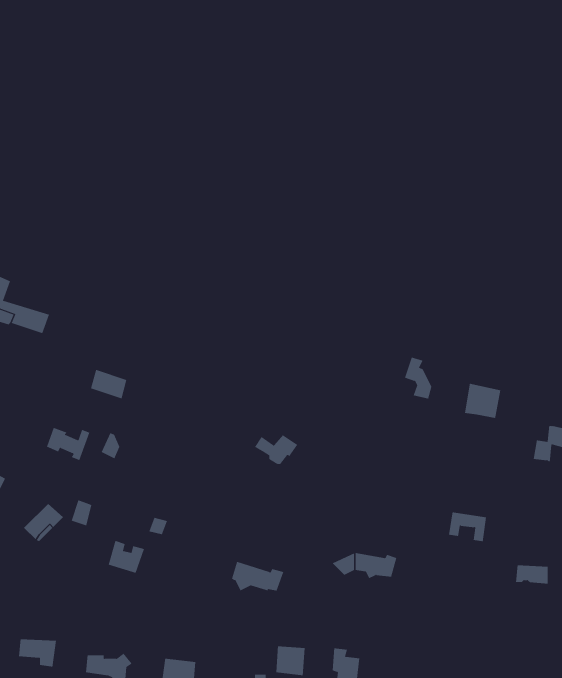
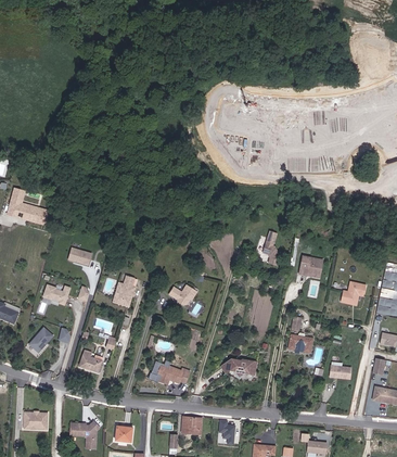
building: none -> [114,277,137,307]

